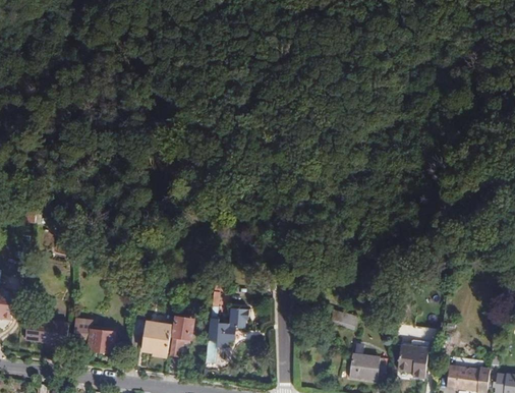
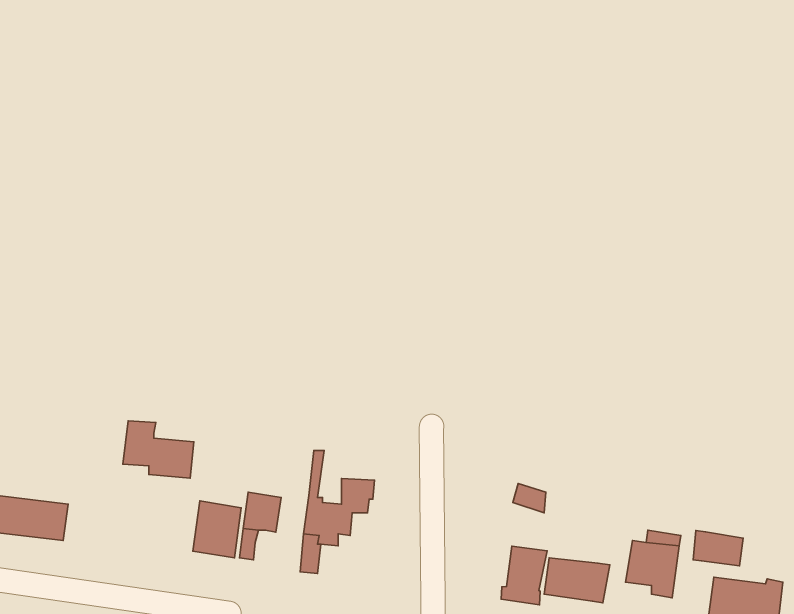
building: [73,318,115,351] -> [123,421,194,478]
building: none -> [693,531,743,566]
building: none -> [501,546,547,605]

